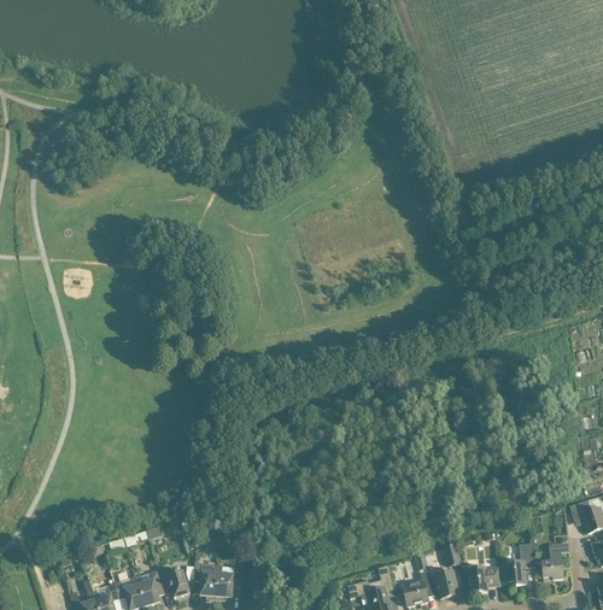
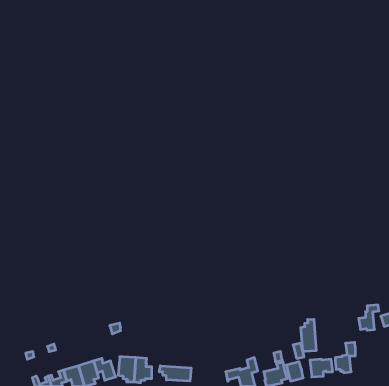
building: none -> [301,319,316,351]
building: [540,542,569,579] -> [359,305,379,330]
building: none -> [159,366,191,381]

